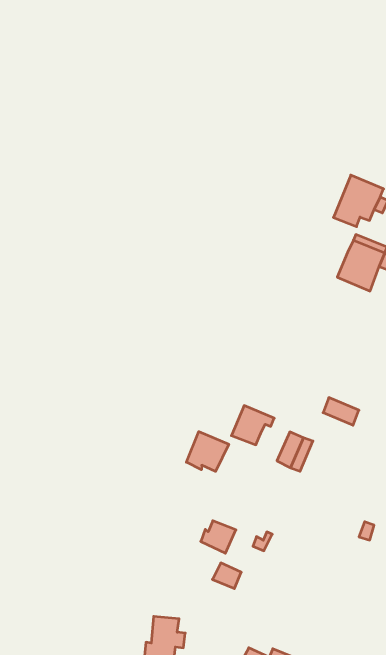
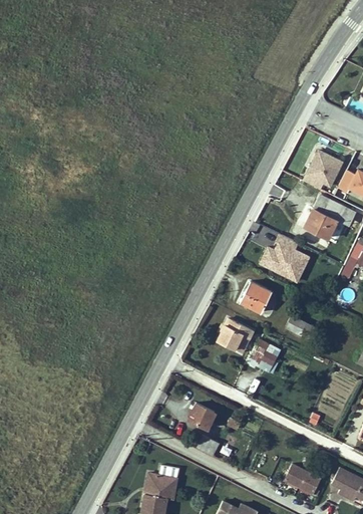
building: none -> [260,233,312,281]
building: none -> [241,281,272,312]
building: [186,432,229,471] -> none
building: none -> [285,465,320,494]

